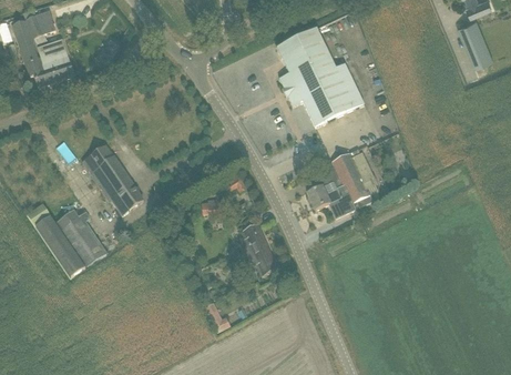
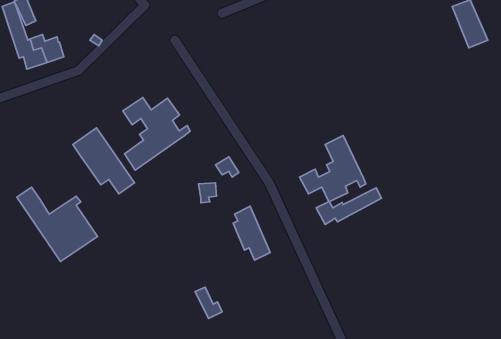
building: [277,27,356,126] -> none
building: none -> [123,98,190,170]
building: none -> [316,188,381,224]

